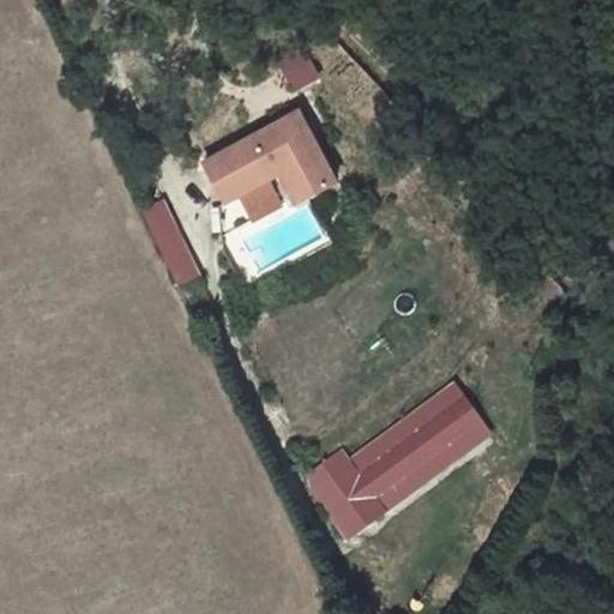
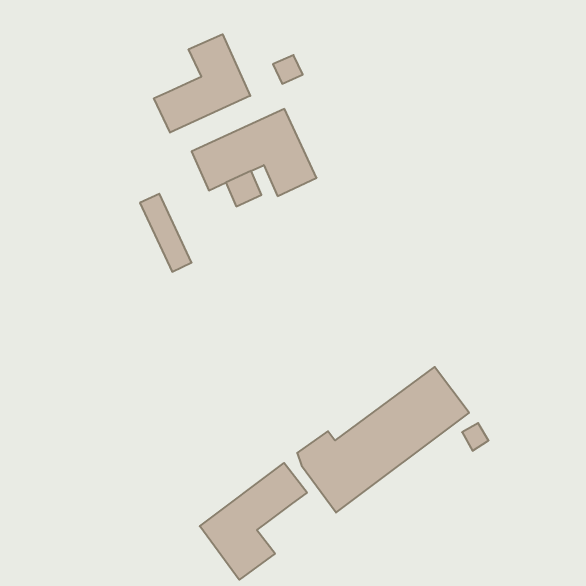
building: none -> [154,34,250,133]
building: none -> [200,463,307,580]

